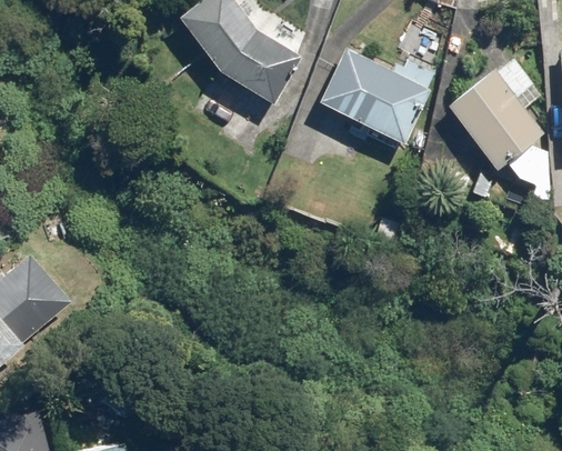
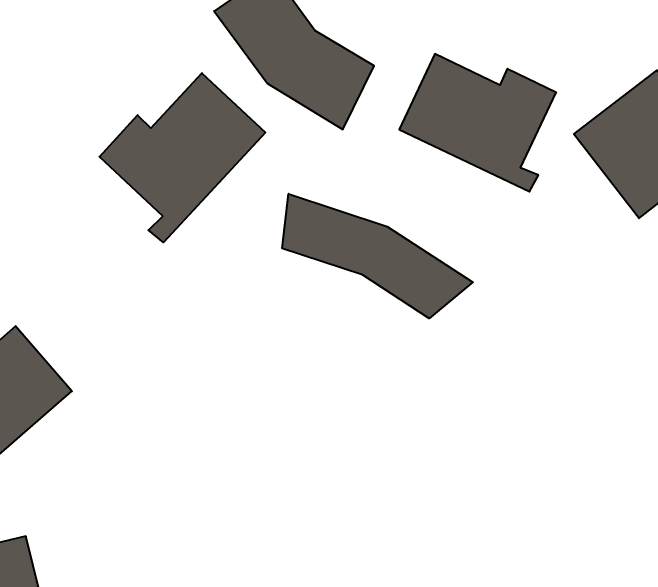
building: none -> [99,73,265,242]
building: none -> [282,194,473,318]

